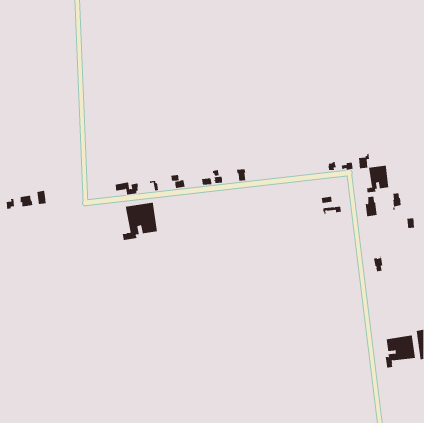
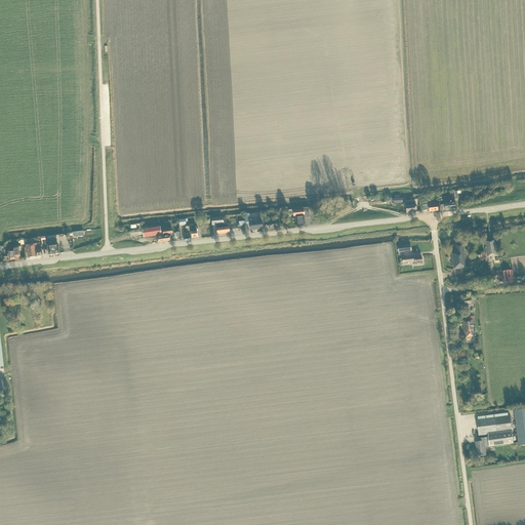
building: [366,165,389,193] -> none
building: [122,202,157,241] -> none

